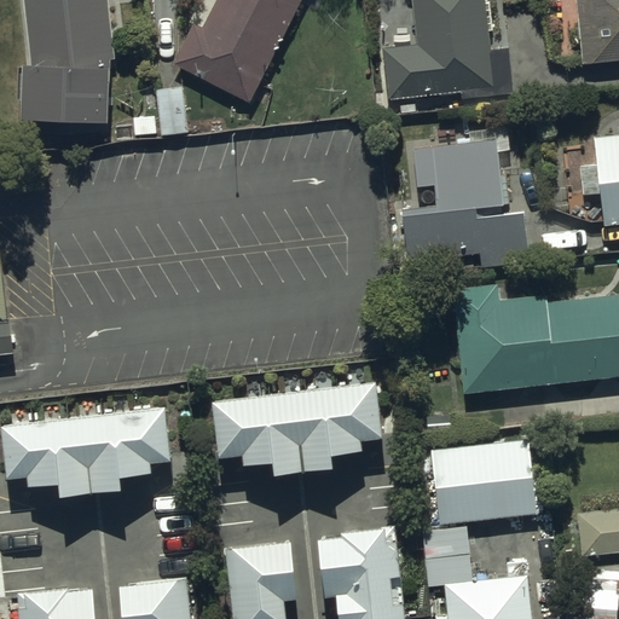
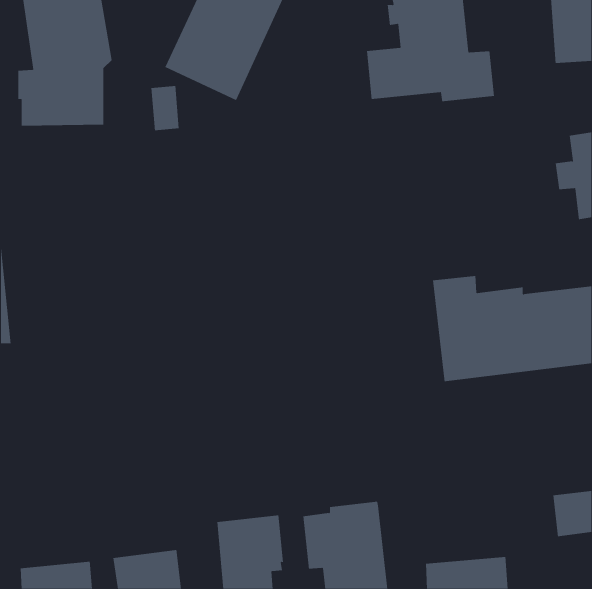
building: [403,138,530,262] -> none
building: [213,376,384,476] -> none
building: [6,405,177,503] -> none
building: [430,441,536,549] -> none

